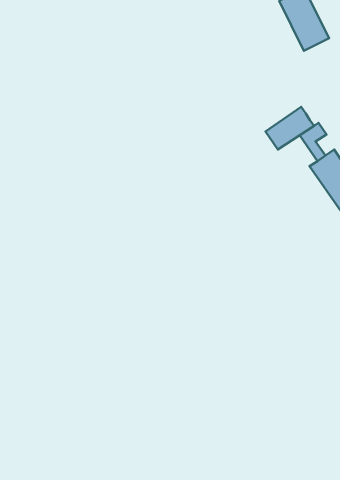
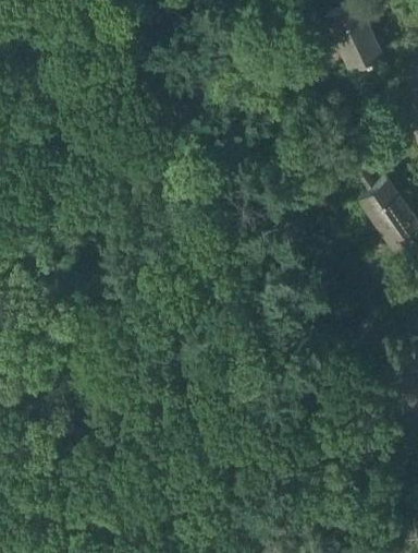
building: [266,107,314,150] -> none

